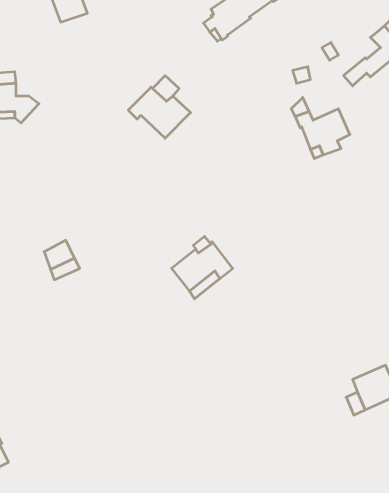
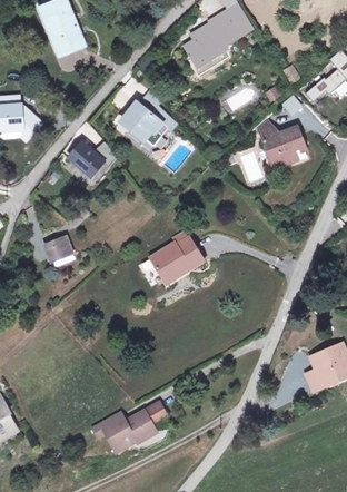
building: none -> [69,141,118,176]
building: none -> [89,403,163,452]

